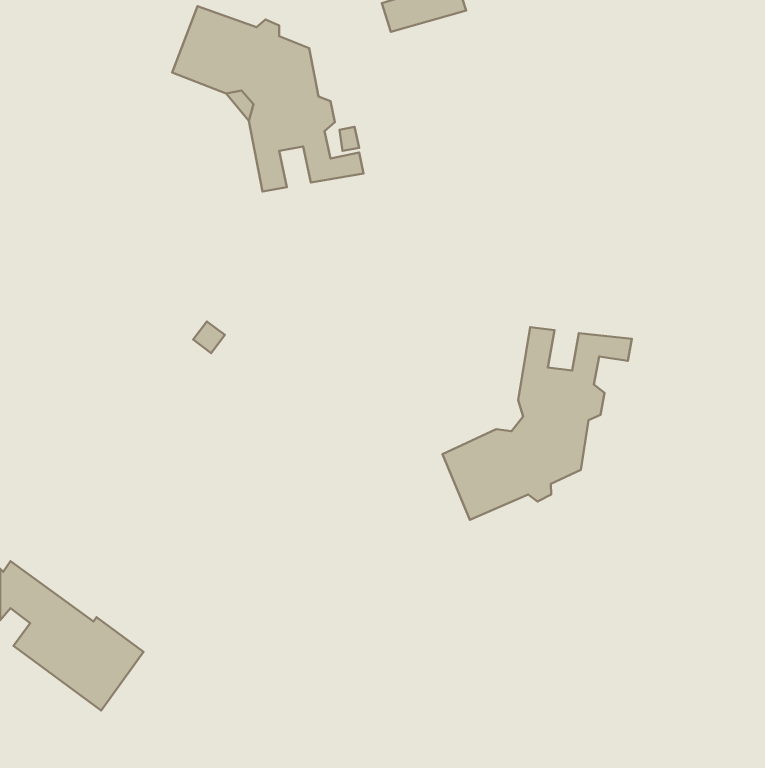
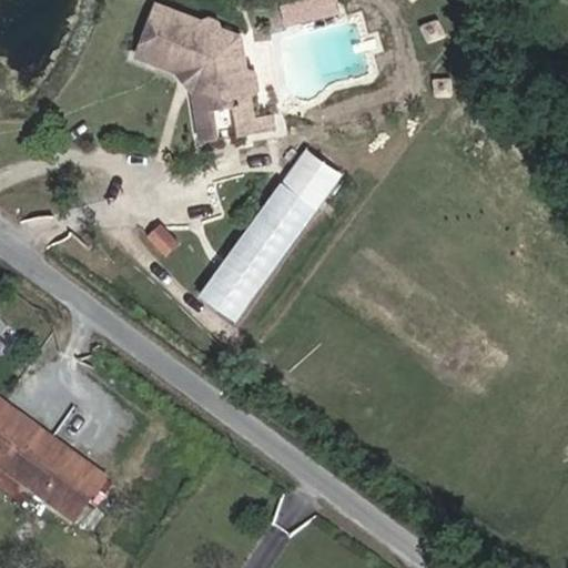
building: none -> [200,144,344,323]
building: [442,327,632,520] -> none

